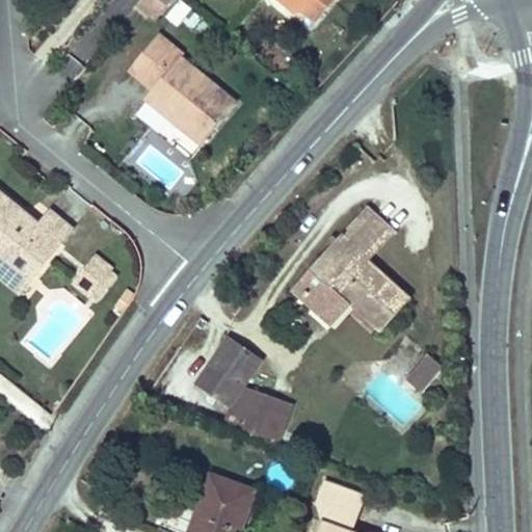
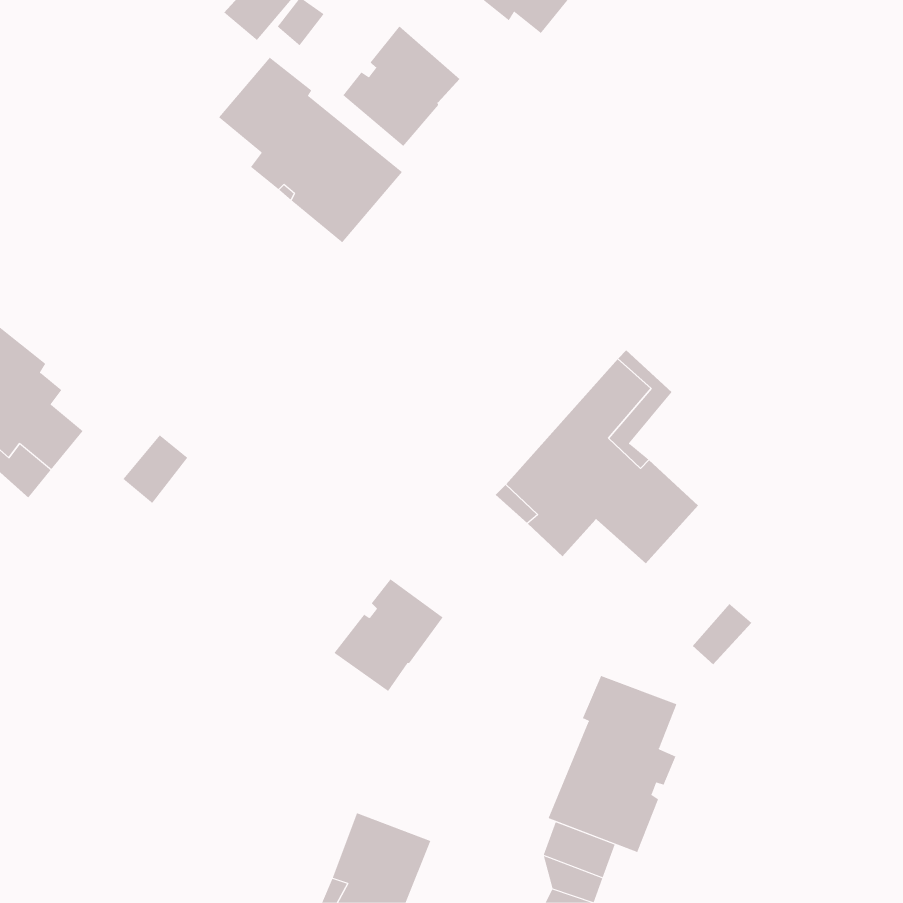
building: none -> [343,26,460,147]
building: [24,209,71,252] -> none
building: [225,389,289,445] -> none
building: none -> [548,675,677,853]

